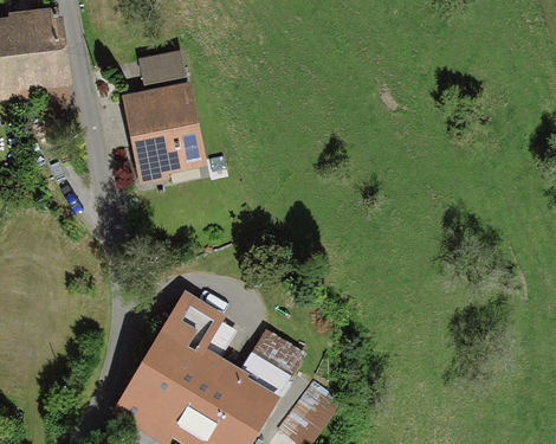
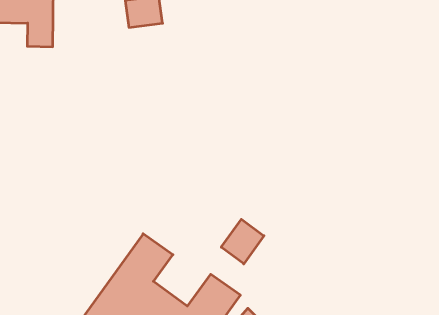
building: [122,83,200,176] -> none
building: none -> [221,219,264,264]

